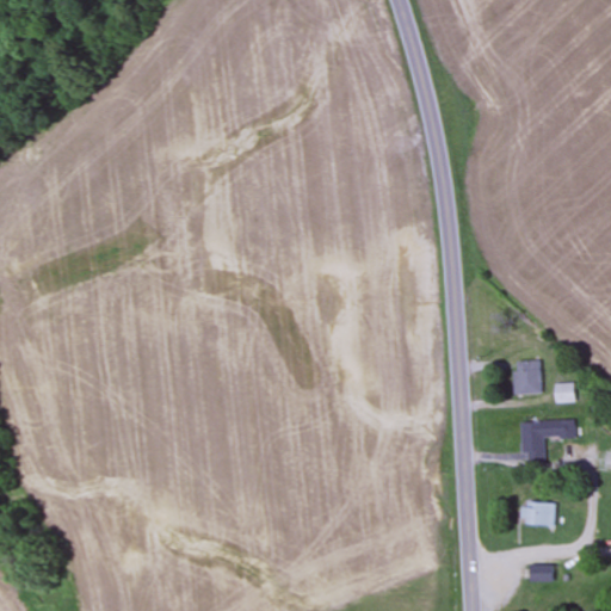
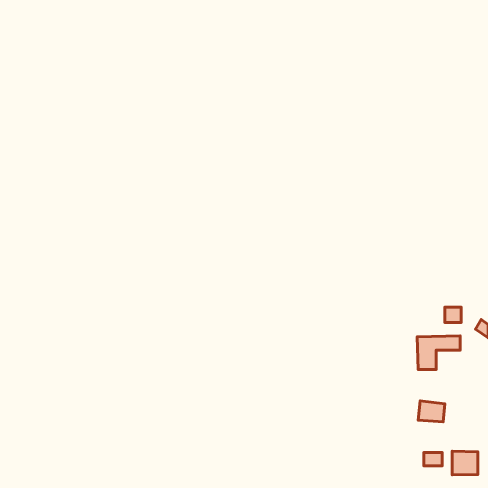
building: [512,359,541,393] -> none
building: none -> [452,451,478,475]

